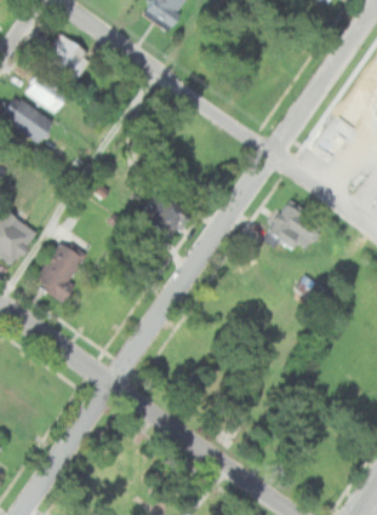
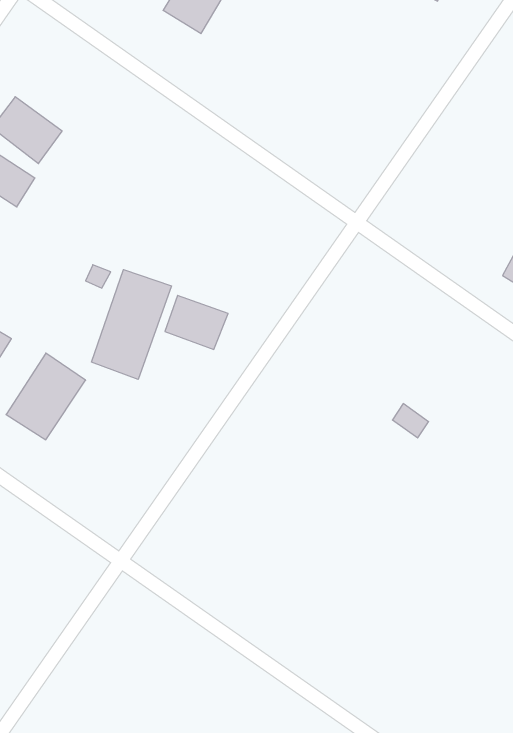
building: [42,33,90,78] -> none
building: none -> [92,270,172,379]
building: [259,202,318,250] -> none

